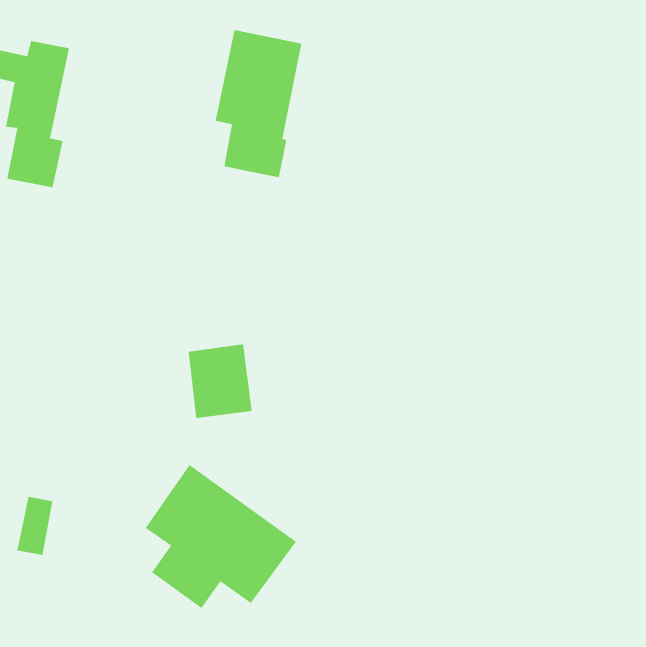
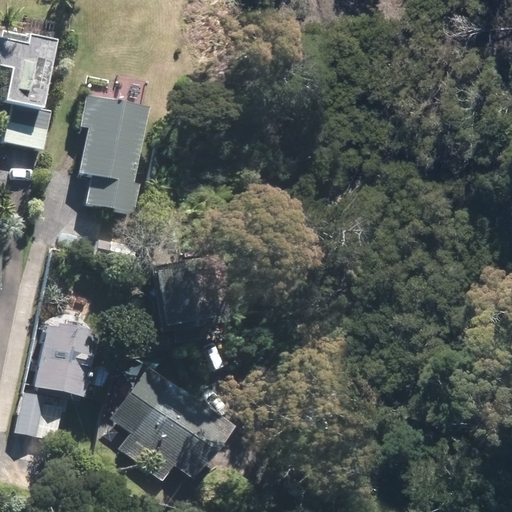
building: [215,29,302,178] -> [80,95,149,212]
building: none -> [34,321,96,396]

